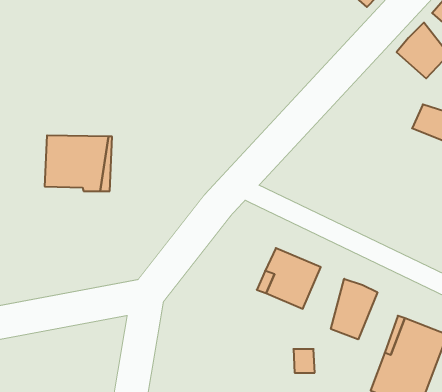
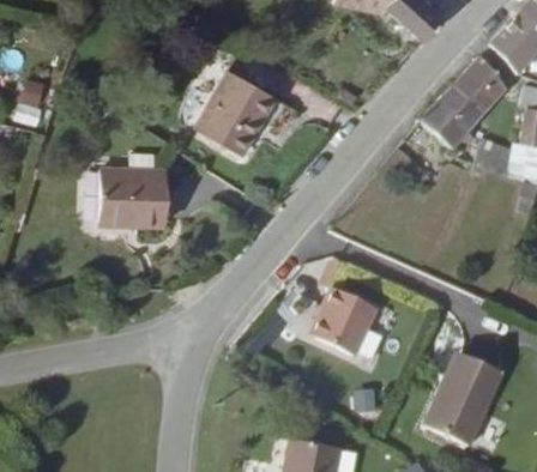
building: none -> [197,69,276,153]
building: none -> [421,87,483,147]
building: [331,279,377,339] -> none

